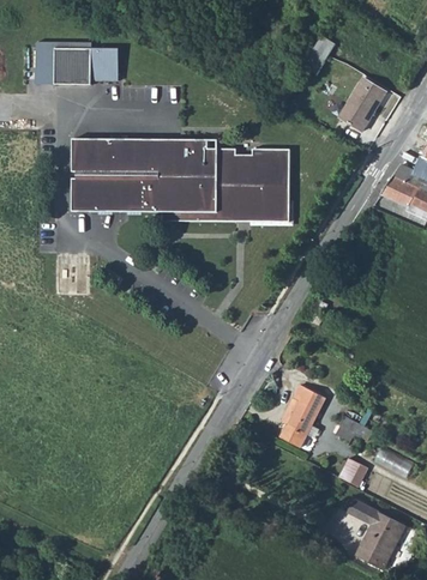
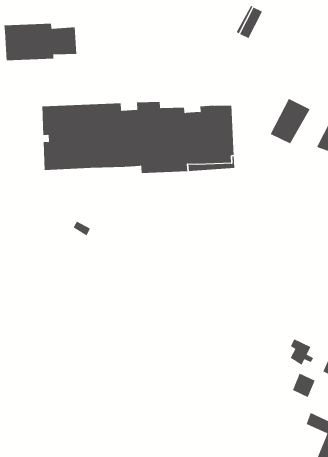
building: [337,77,385,129] -> [270,98,310,144]
building: [279,387,329,449] -> none

